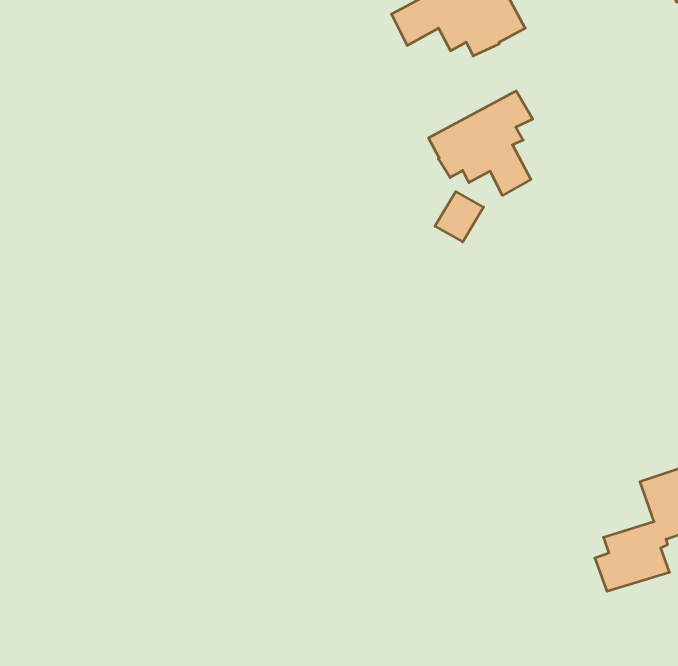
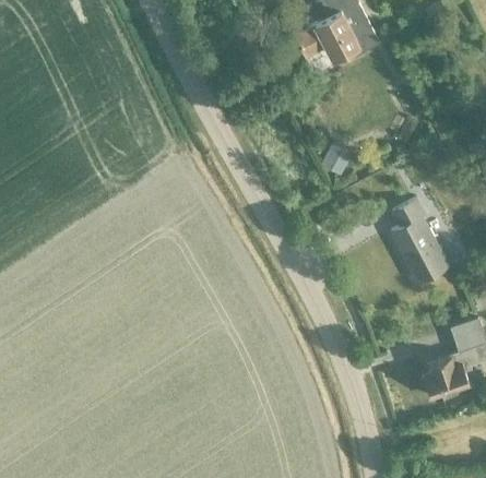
building: [429,91,533,195] -> none
building: none -> [390,198,447,280]

